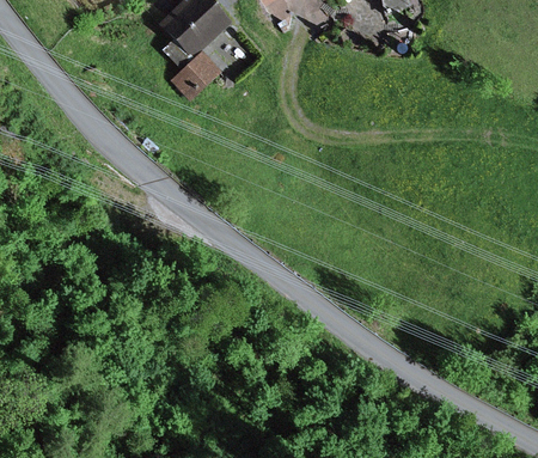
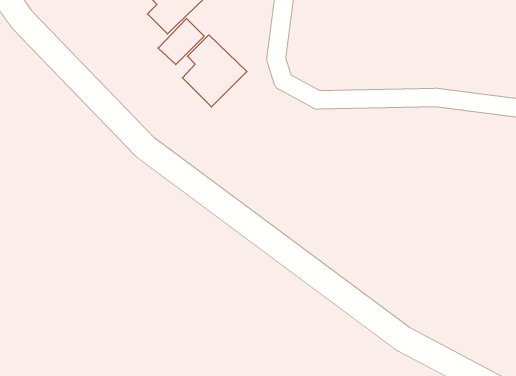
building: none -> [182,35,247,107]

